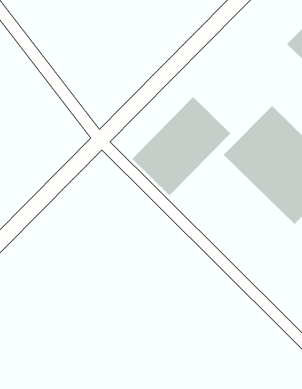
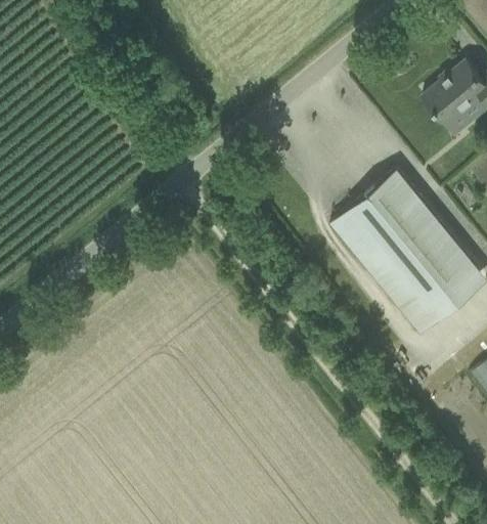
building: [131,96,231,196] -> none

